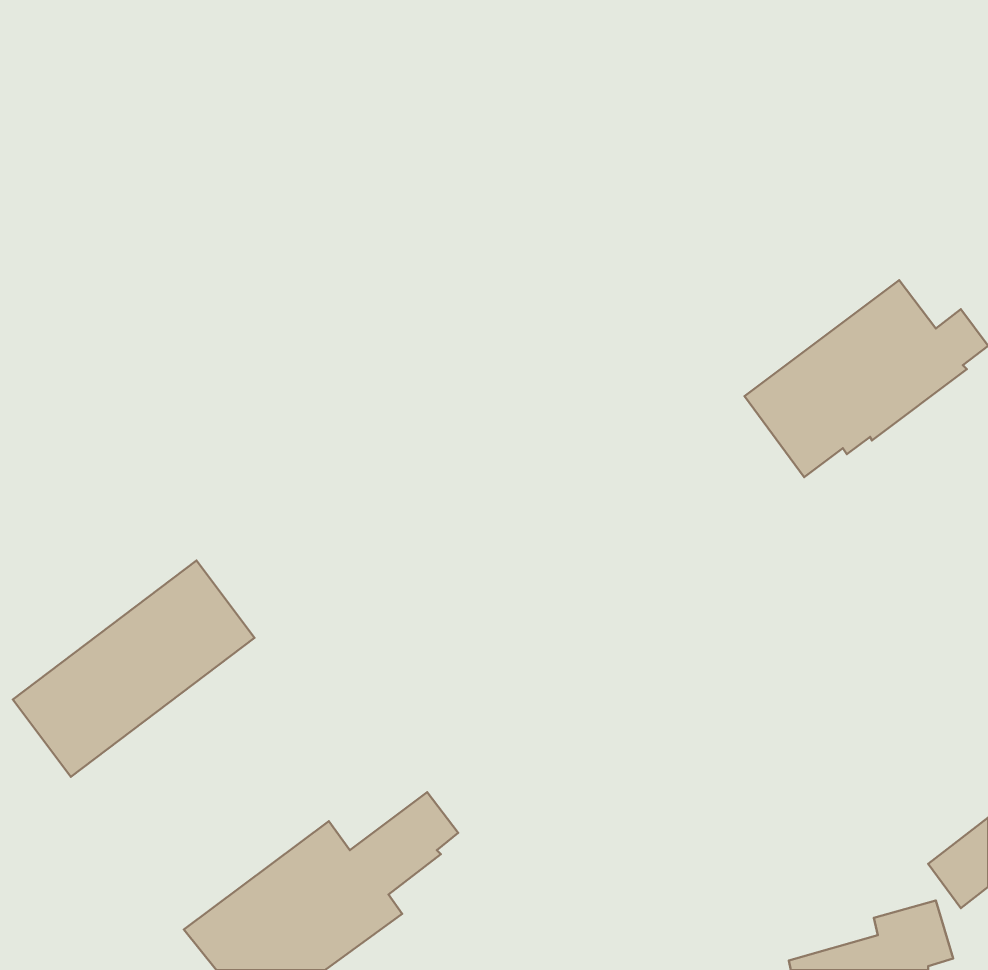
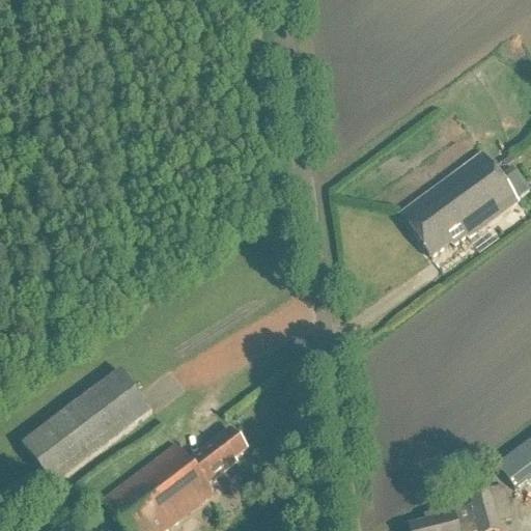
building: [13,560,254,777] -> [22,366,151,482]

